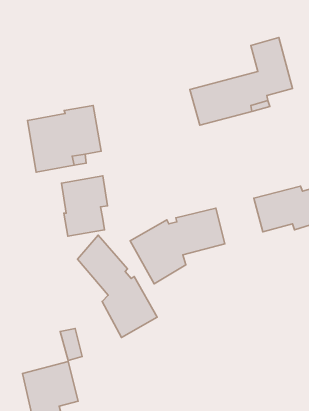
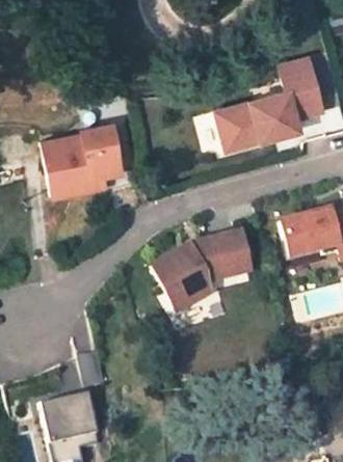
building: [61,176,108,236] -> none
building: [78,235,157,337] -> none

